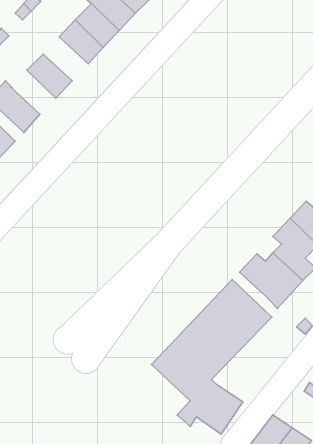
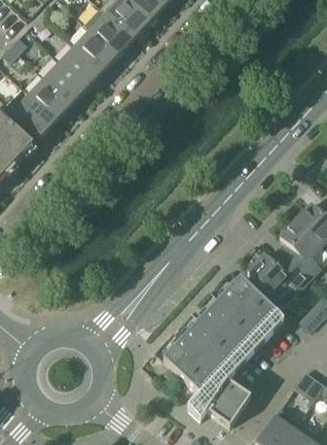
building: none -> [60,43,103,85]
building: none -> [29,75,72,117]

